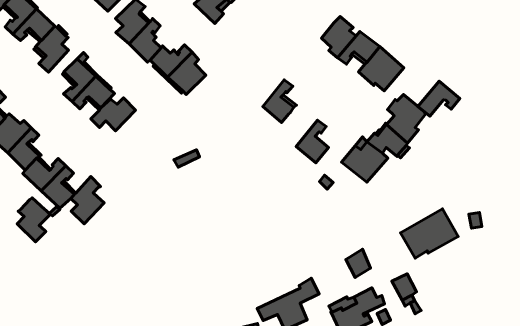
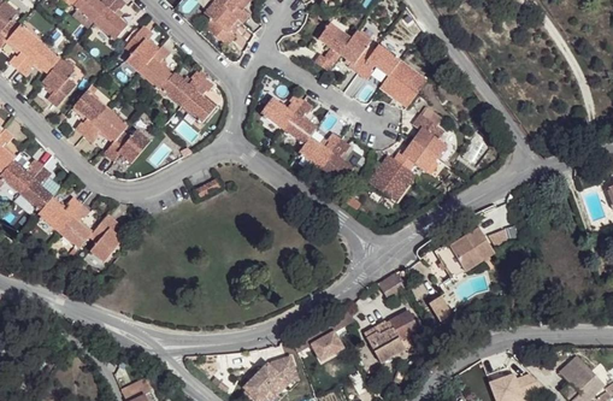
building: none -> [313,22,350,71]
building: none -> [260,93,302,129]
building: [418,81,460,116] -> none
building: none -> [297,132,340,169]
building: [17,198,51,242] -> none

